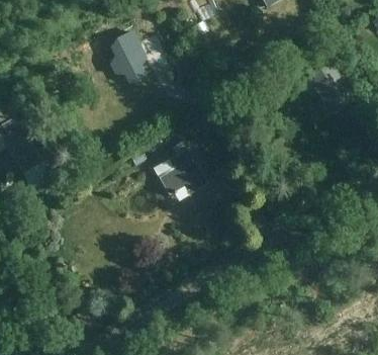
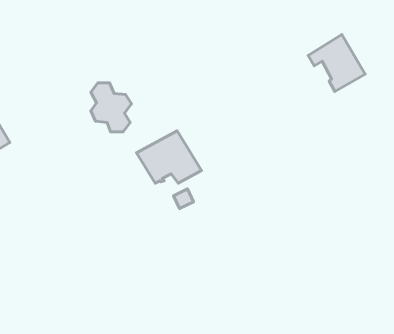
building: [110,38,146,81] -> [91,83,131,132]

